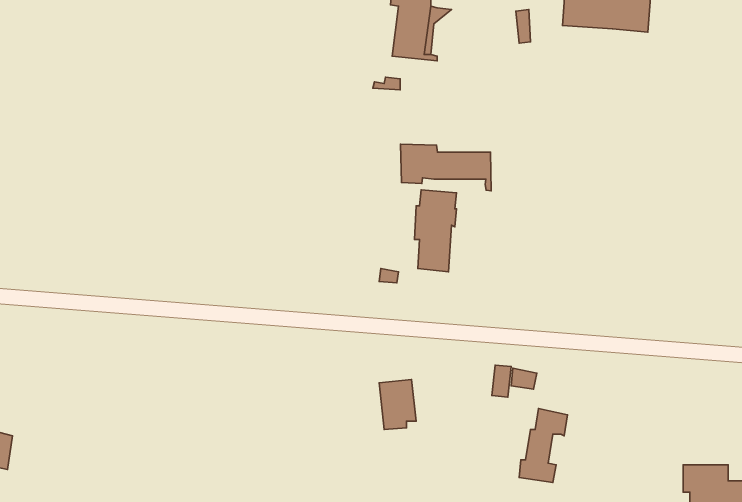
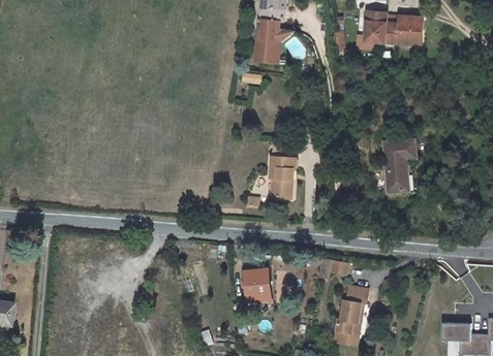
building: [401,144,491,191] -> none
building: none -> [383,139,415,192]

